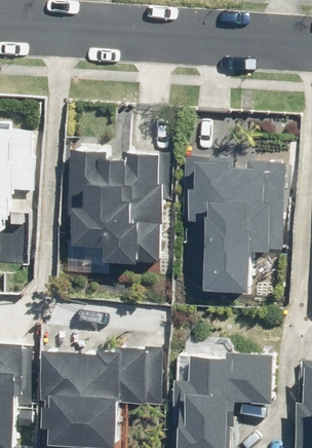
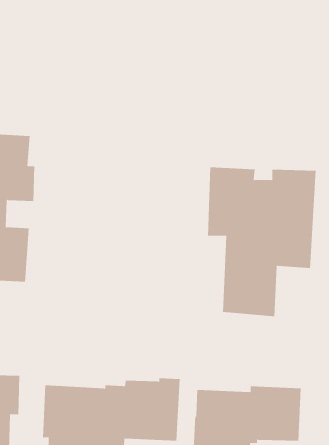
building: [70,152,163,264] -> none

